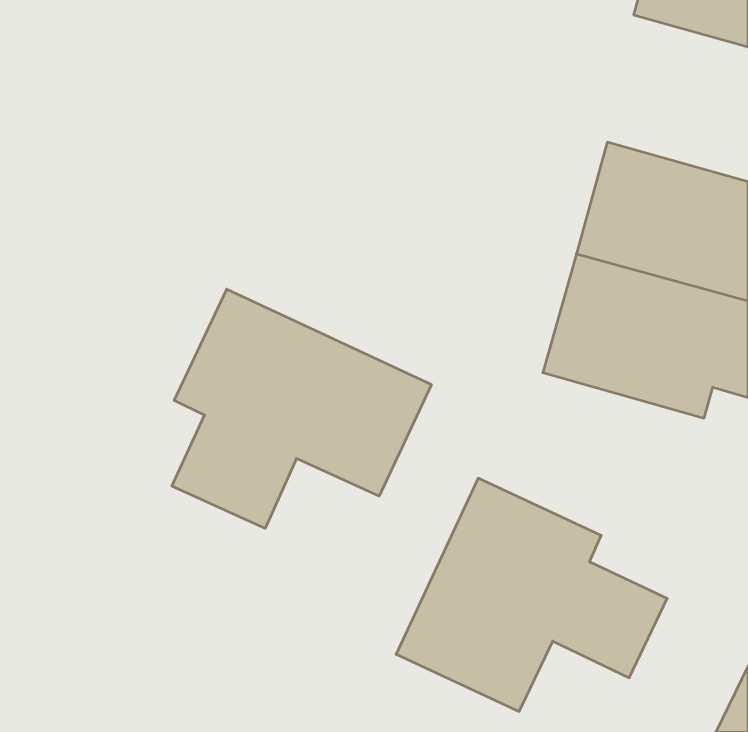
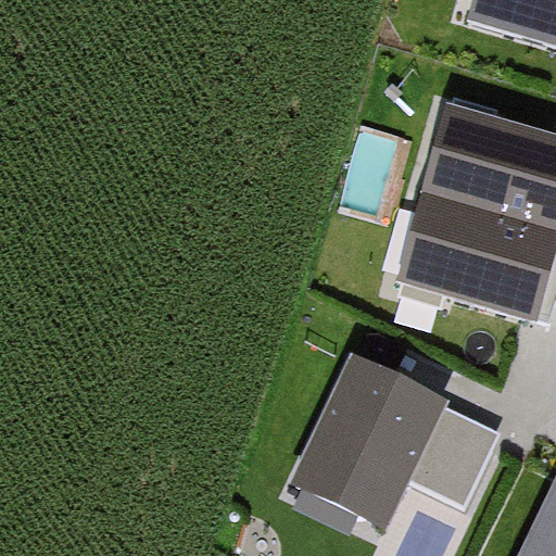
building: [172,289,431,528] -> none

